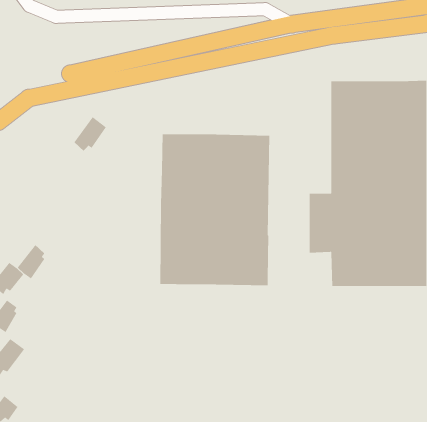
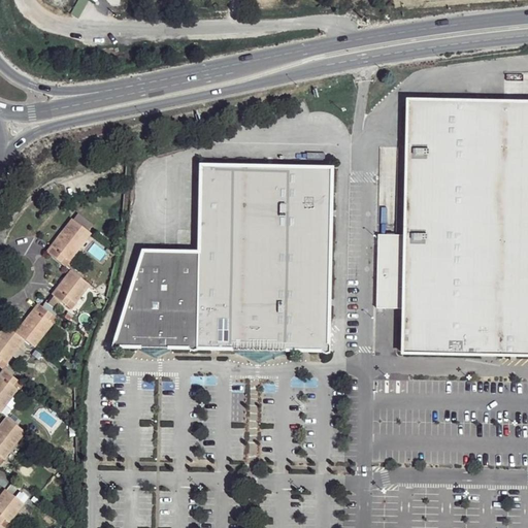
building: [73,116,107,151] -> [48,210,90,254]
building: none -> [113,251,197,350]
building: none -> [53,263,90,298]

